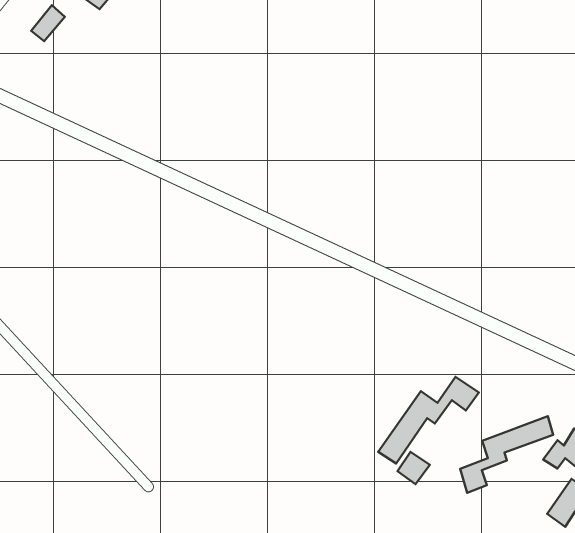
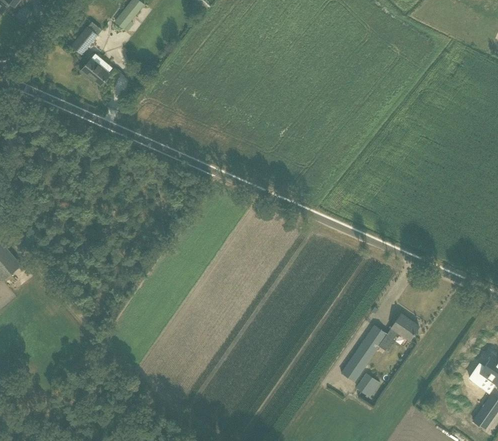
building: none -> [81,58,109,85]
building: [460,416,553,493] -> none

